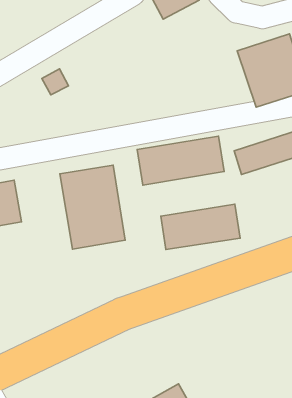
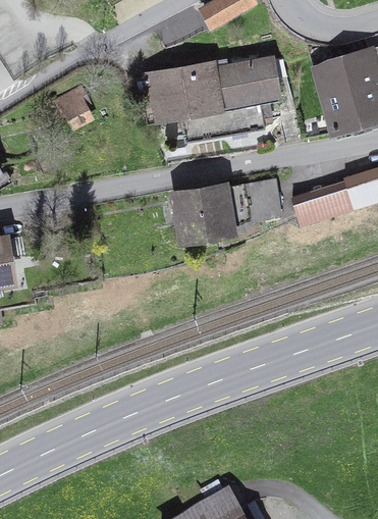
building: none -> [148,55,282,126]
building: [60,165,125,249] -> none
building: [161,204,240,249] -> none

